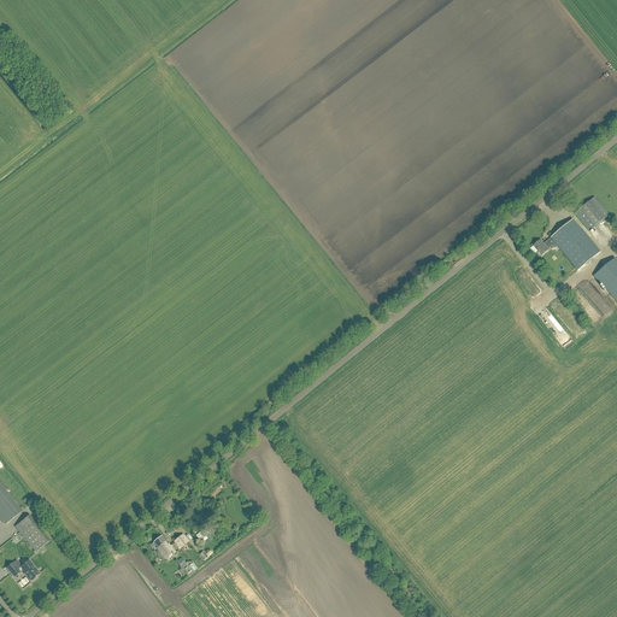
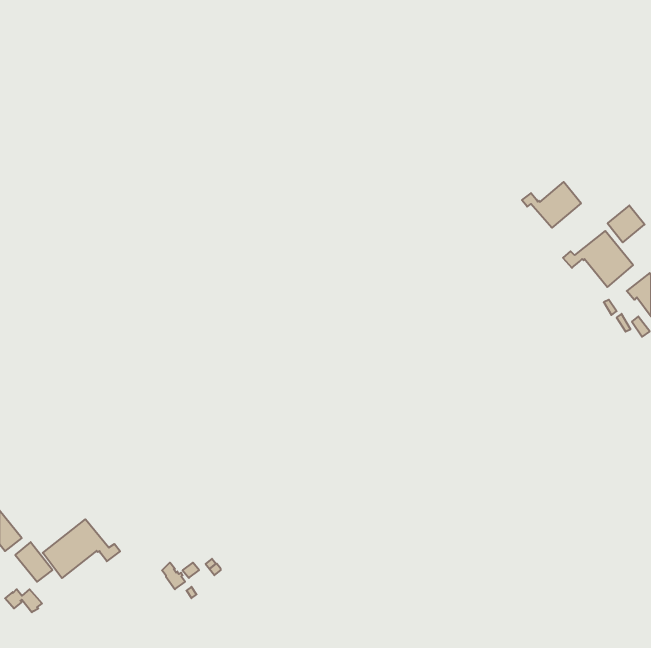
building: none -> [522,182,581,228]
building: none -> [43,519,120,578]

